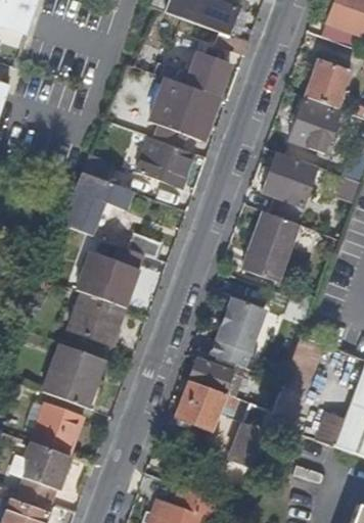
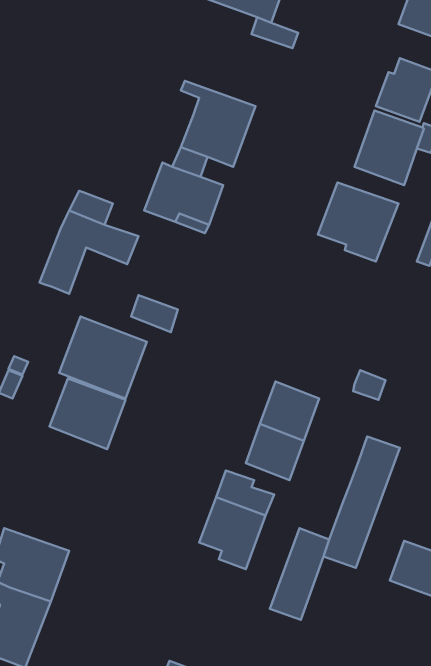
building: [136,43,230,97] -> none
building: [243,211,298,282] -> none
building: [43,344,101,409] -> none

